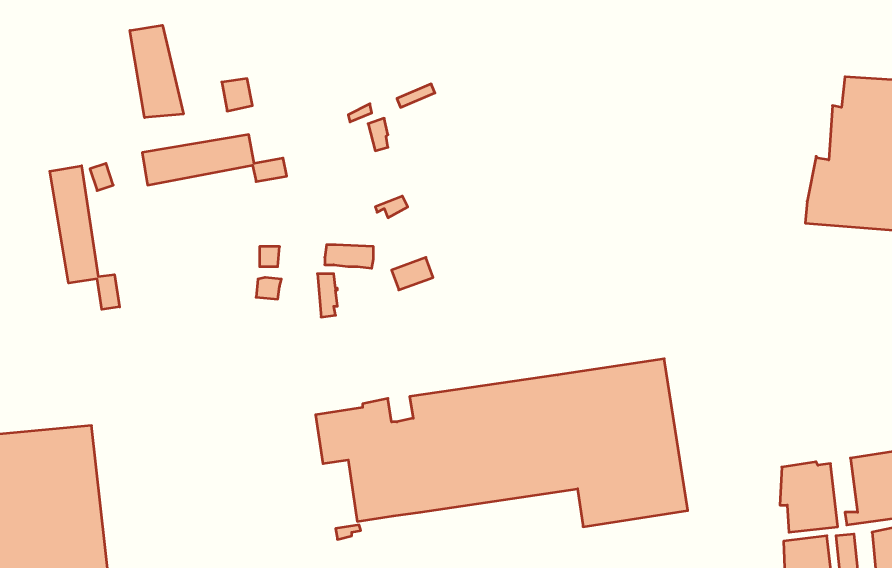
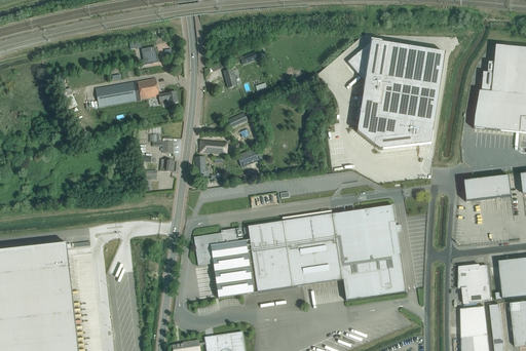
building: [130,25,183,118] -> none
building: none -> [347,40,445,148]
building: [50,166,120,309] -> none
building: none -> [463,174,512,200]

